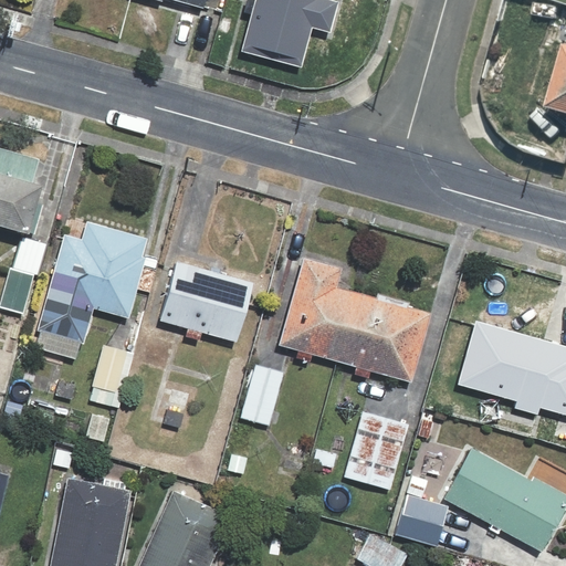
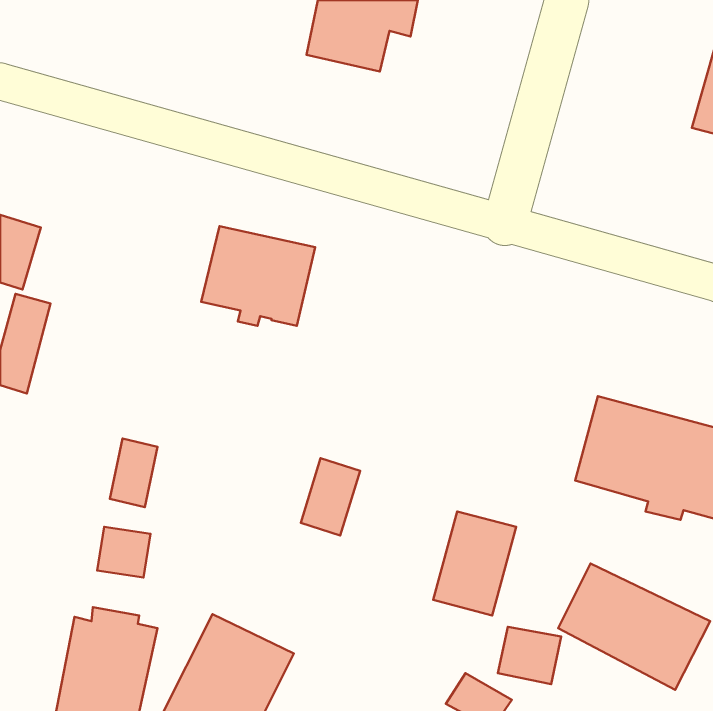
building: [34,223,150,360] -> none
building: [276,255,433,382] -> none
building: [155,262,244,340] -> [201,226,315,326]

